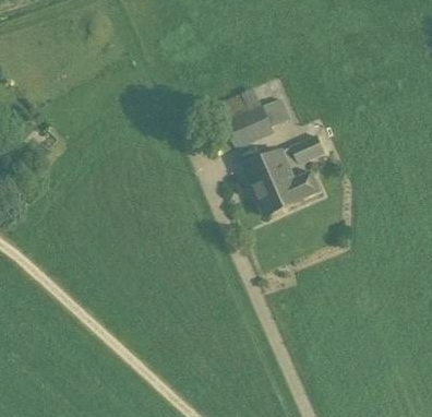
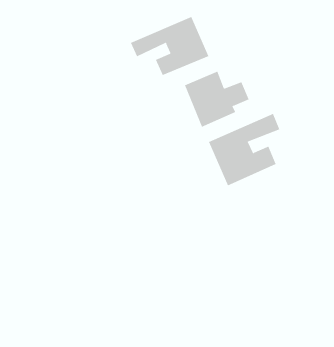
building: none -> [130,16,209,76]

